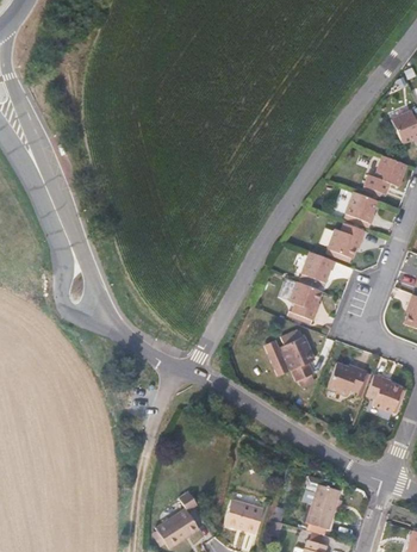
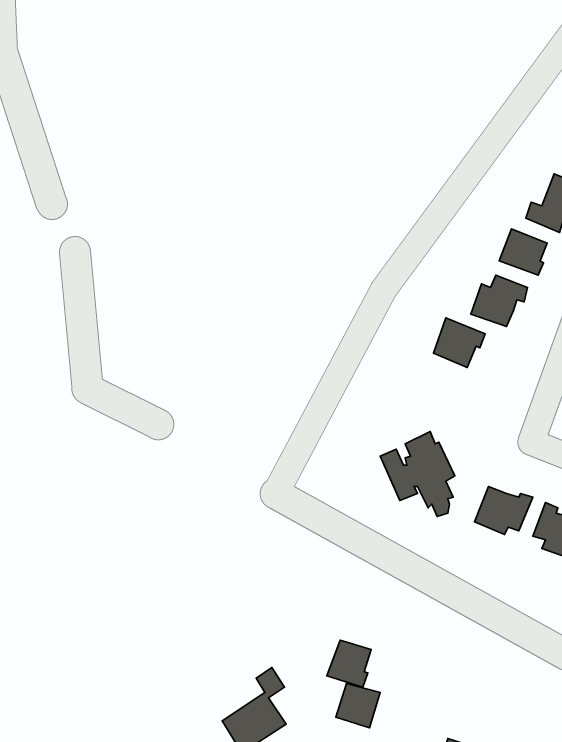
building: [285,289,317,328] -> none
building: none -> [327,640,371,687]
building: [310,477,343,521] -> none

